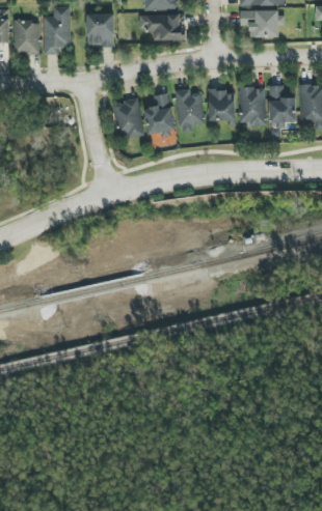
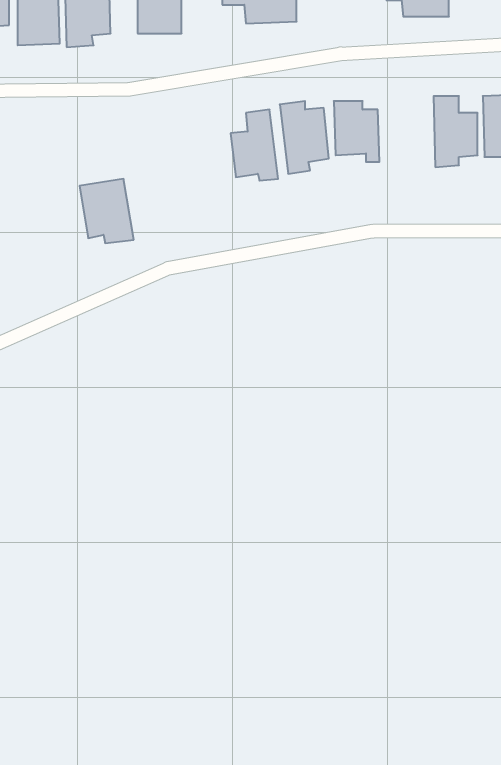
building: [239,87,265,124] -> none
building: [111,98,144,138] -> [80,179,134,243]

